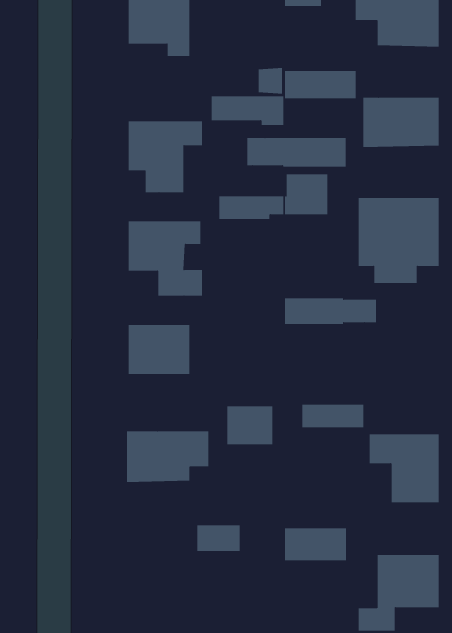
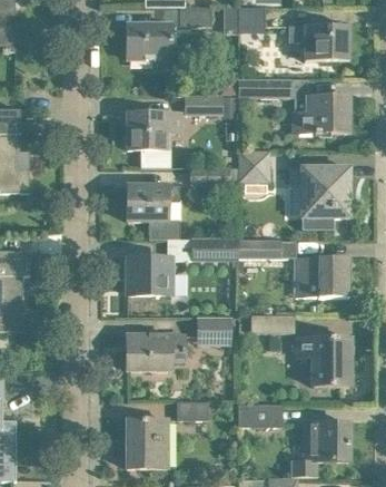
building: [246,138,347,167] -> [167,238,238,260]
building: none -> [295,257,348,298]
building: none -> [126,419,167,468]

